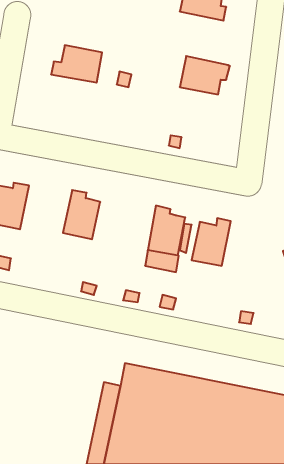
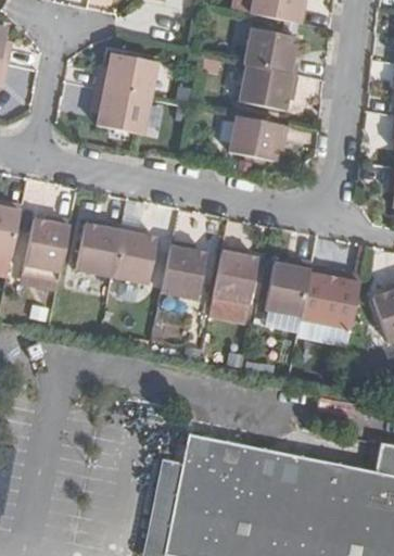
building: none -> [255,31,310,78]
building: none -> [93,89,151,136]
building: none -> [240,118,300,164]
building: none -> [75,223,122,278]
building: none -> [161,242,204,301]
building: none -> [314,276,360,331]

